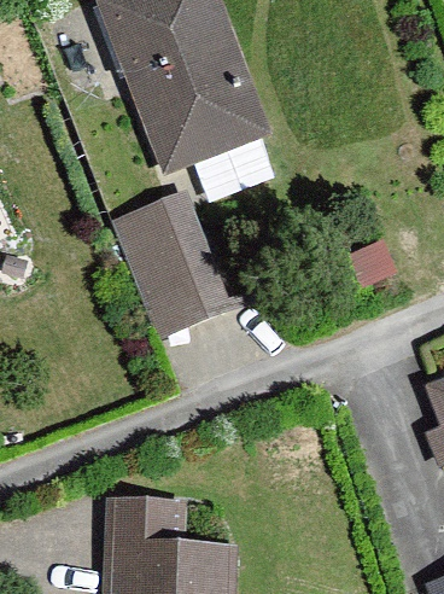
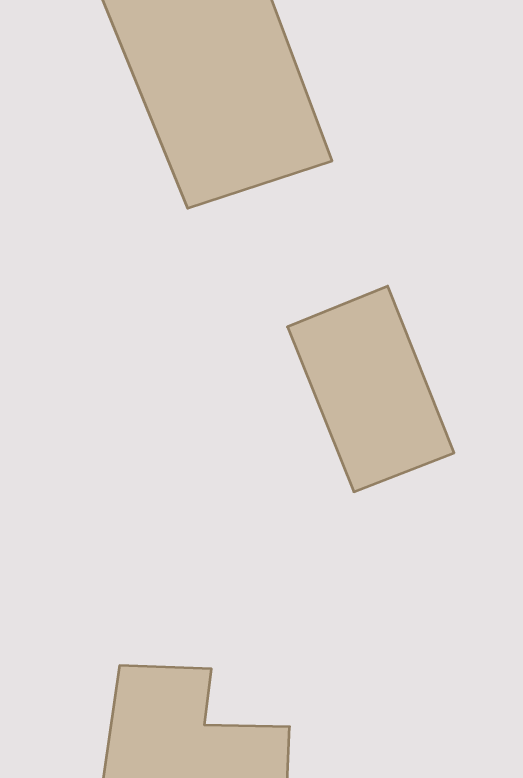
building: [118,204,236,350] -> [287,286,454,492]

